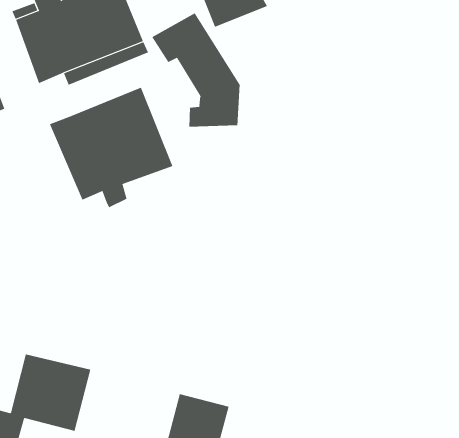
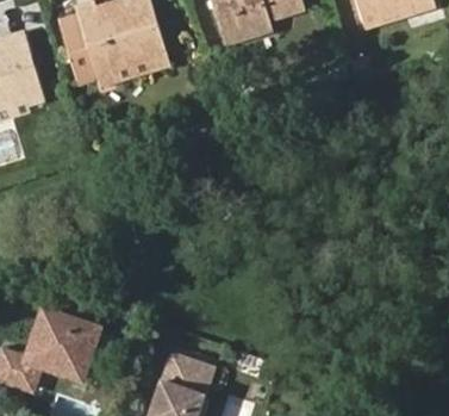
building: [151,12,240,128] -> none
building: [49,87,173,208] -> none

